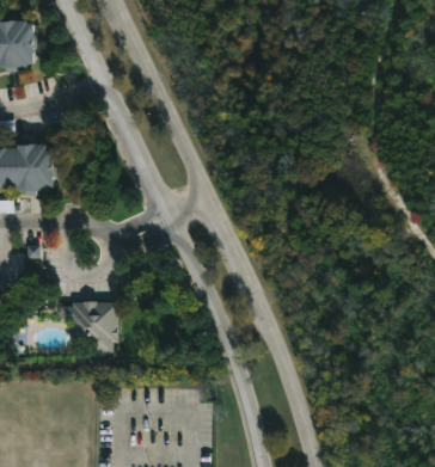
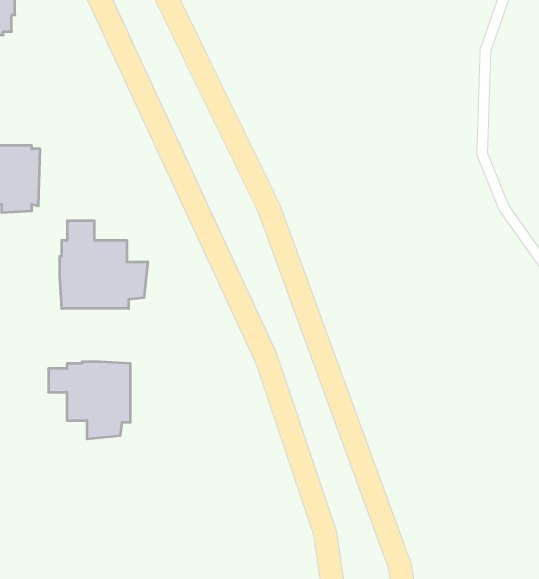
building: none -> [60,221,148,309]

